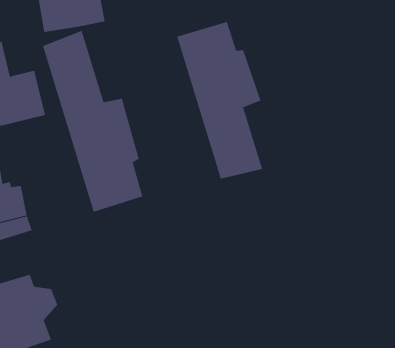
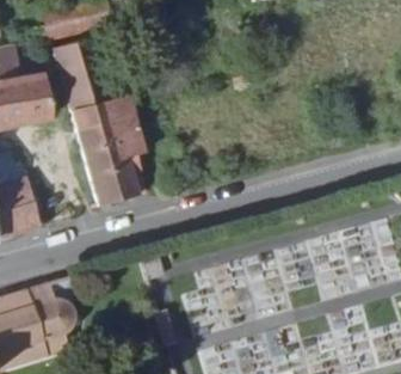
building: [177,21,263,179] -> none

